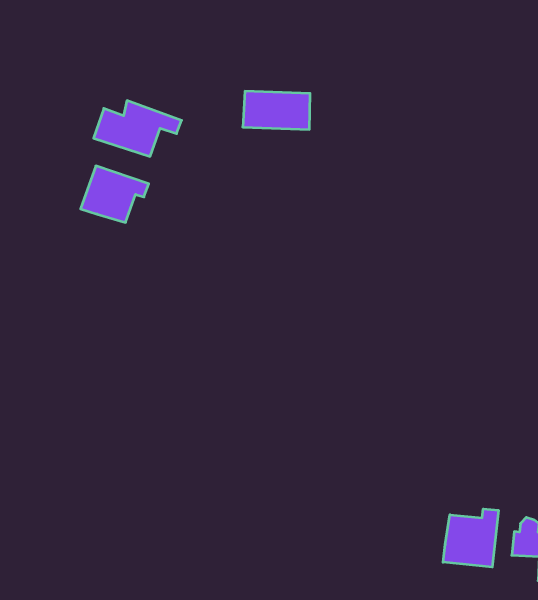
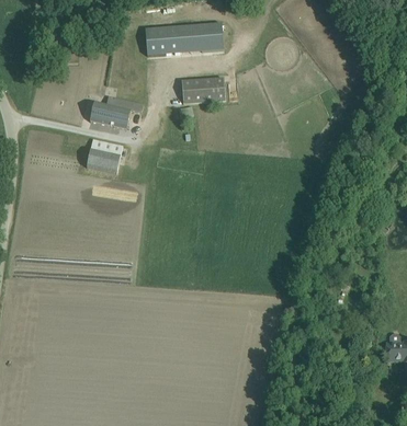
building: none -> [145,25,222,56]
building: [443,509,498,567] -> none

